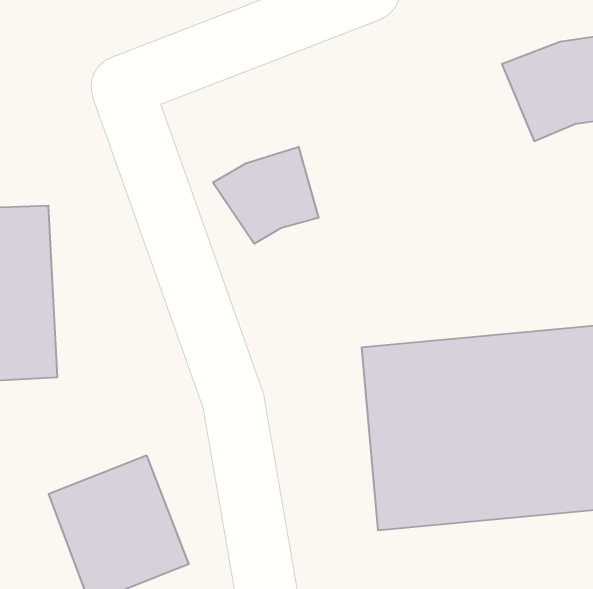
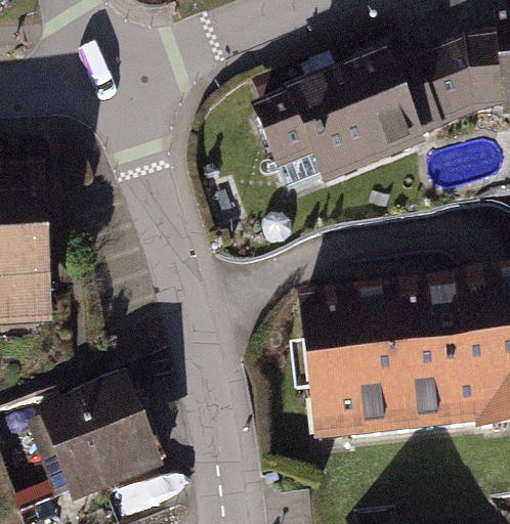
building: none -> [256,54,423,178]
building: [213,147,318,244] -> none

